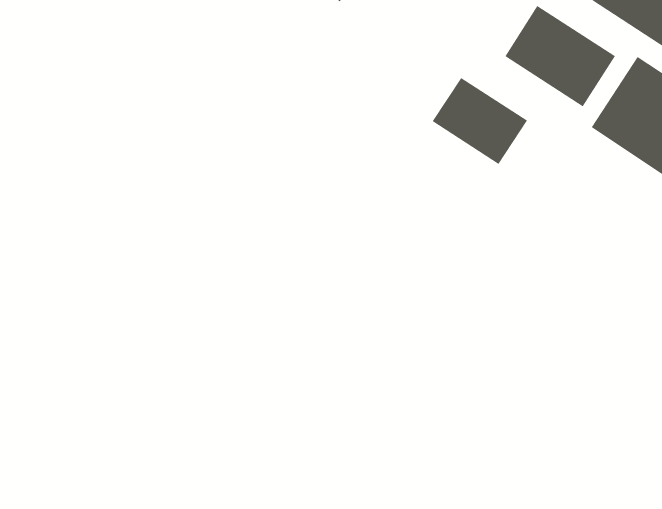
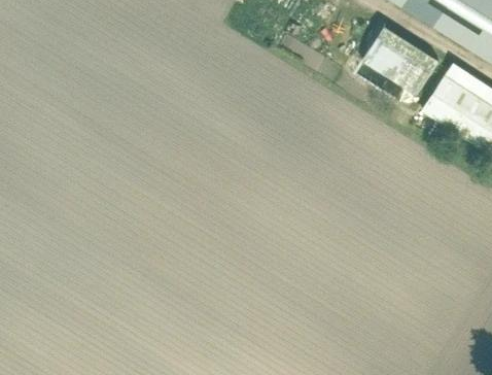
building: [432,77,528,165] -> none

